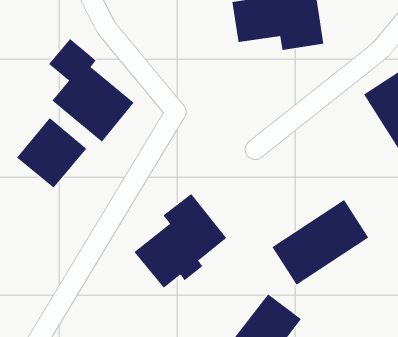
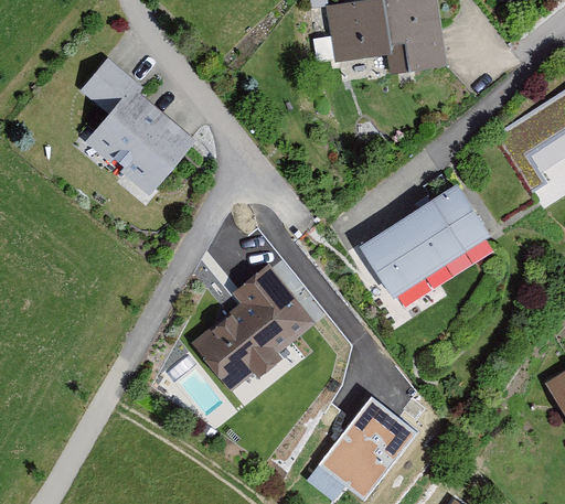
building: [16,117,87,188] -> none
building: [271,199,369,285] -> [359,184,489,299]

